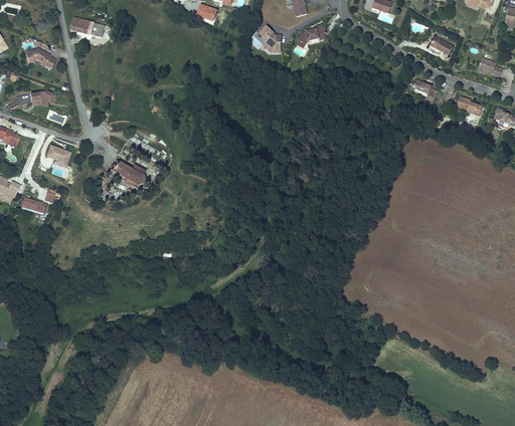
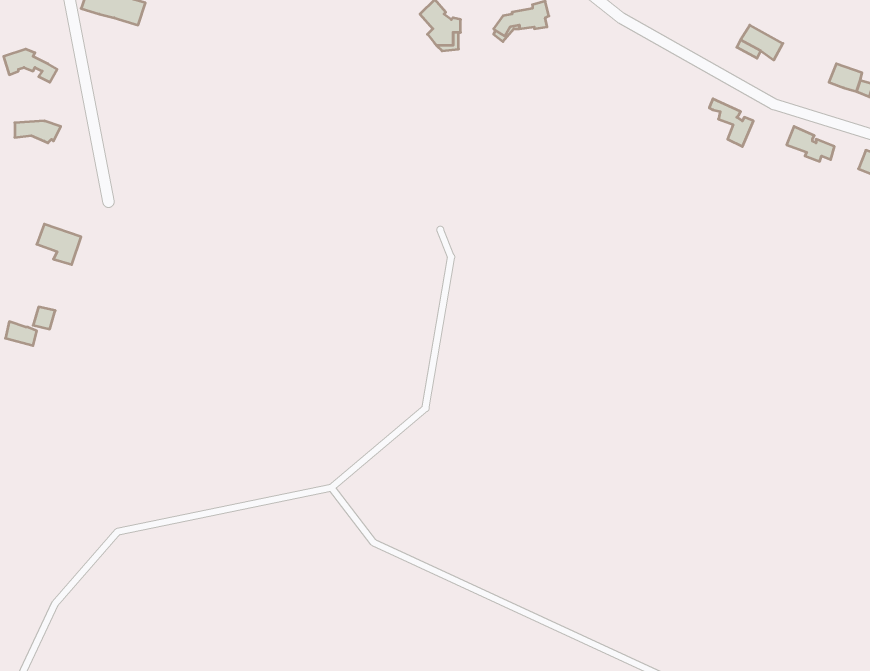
building: [113,159,147,188] -> none

